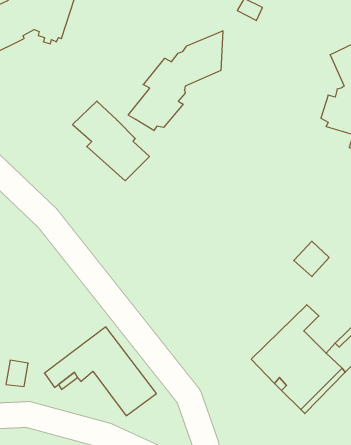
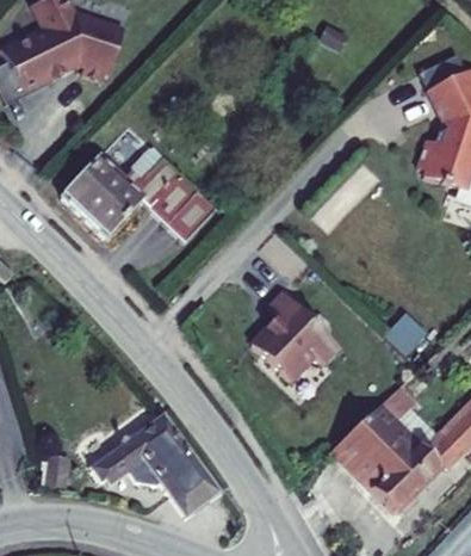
building: [128,31,223,131] -> none
building: none -> [61,154,145,237]
building: none -> [250,295,341,387]

